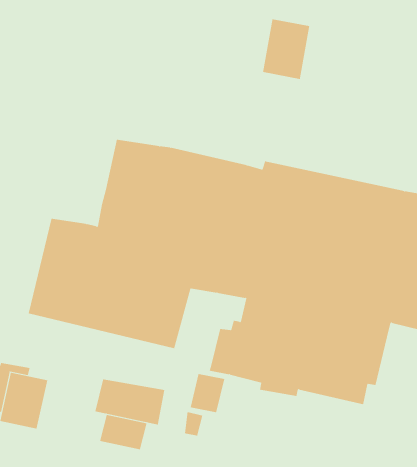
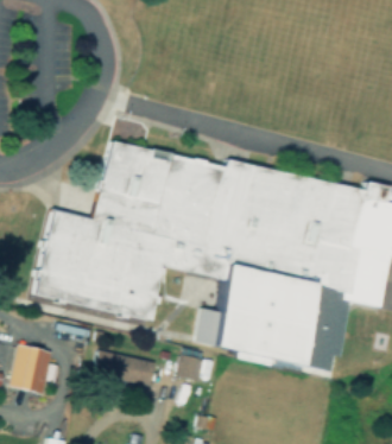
building: [262,18,310,80] -> none
building: [99,414,147,450] -> none

